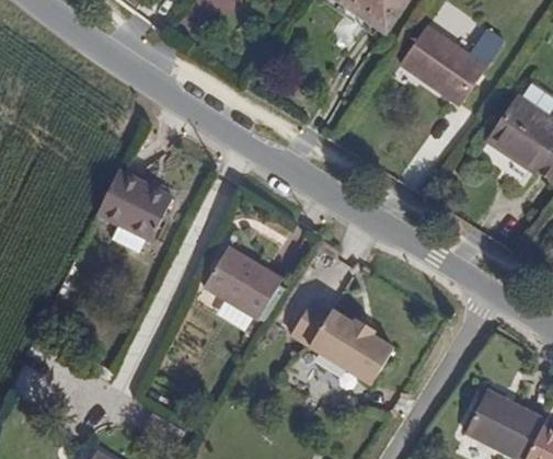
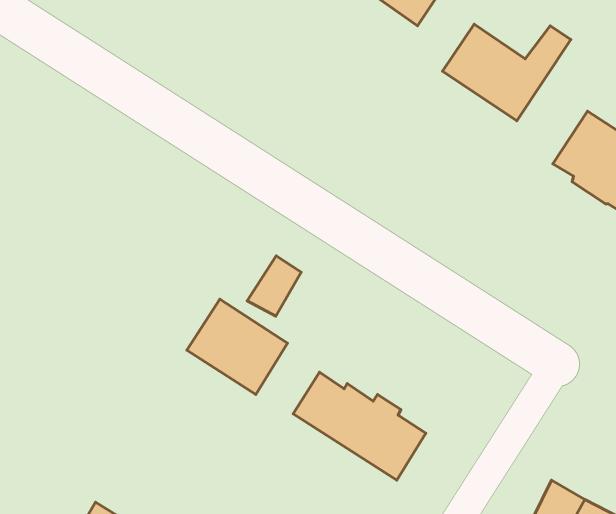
building: [92,170,168,243] -> none
building: none -> [247,256,301,316]

